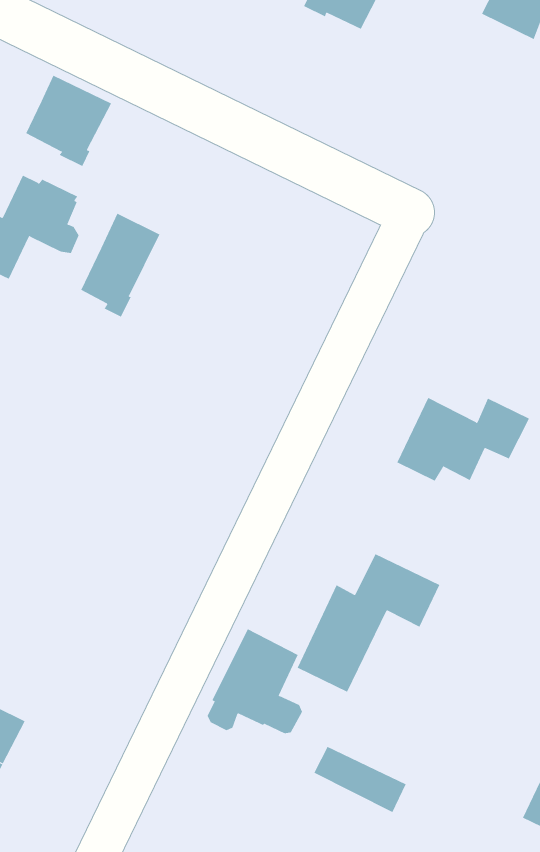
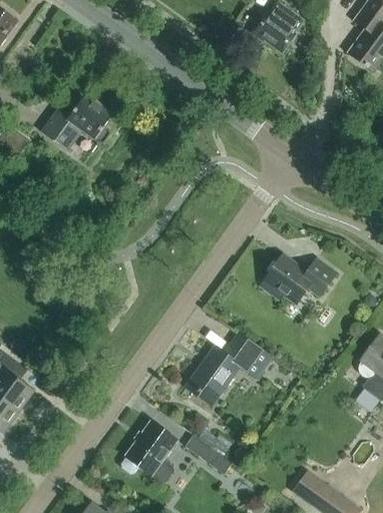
building: [25,75,112,167] -> none
building: [81,213,160,318] -> none
building: [207,629,303,734] -> [121,421,176,481]

